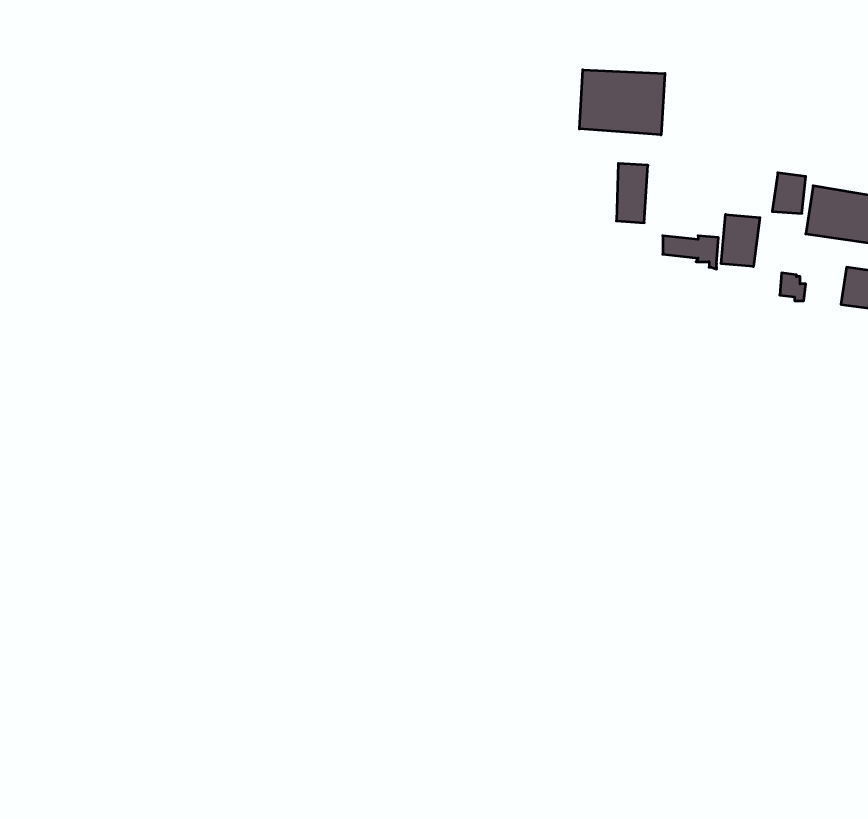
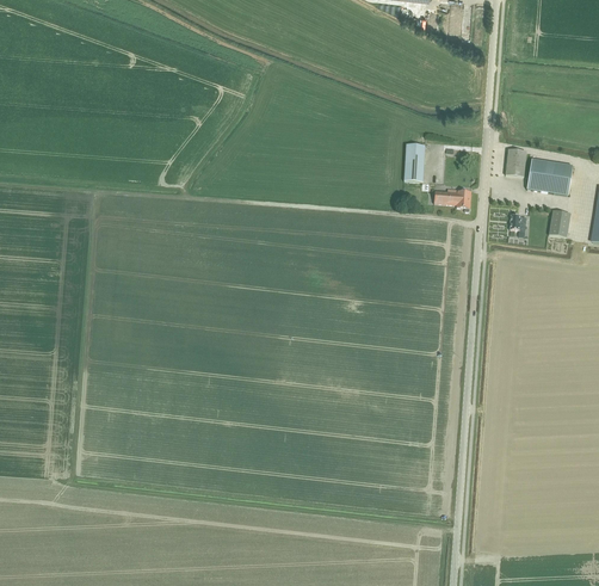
building: [579,70,665,135] -> none
building: [721,214,760,267] -> none

